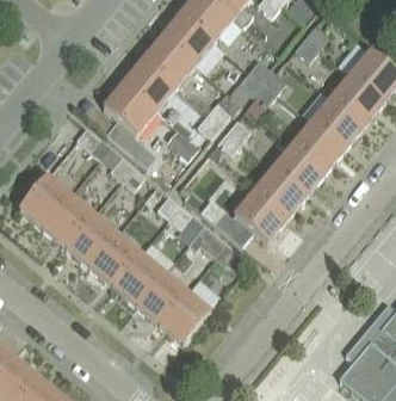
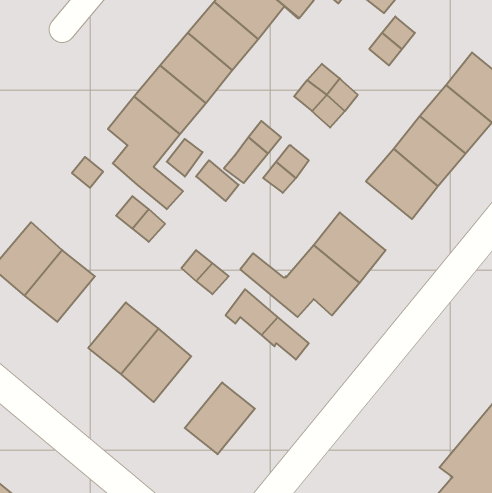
building: [273,144,326,195] -> none
building: [67,214,117,266] -> none
building: [137,272,187,325] -> none

